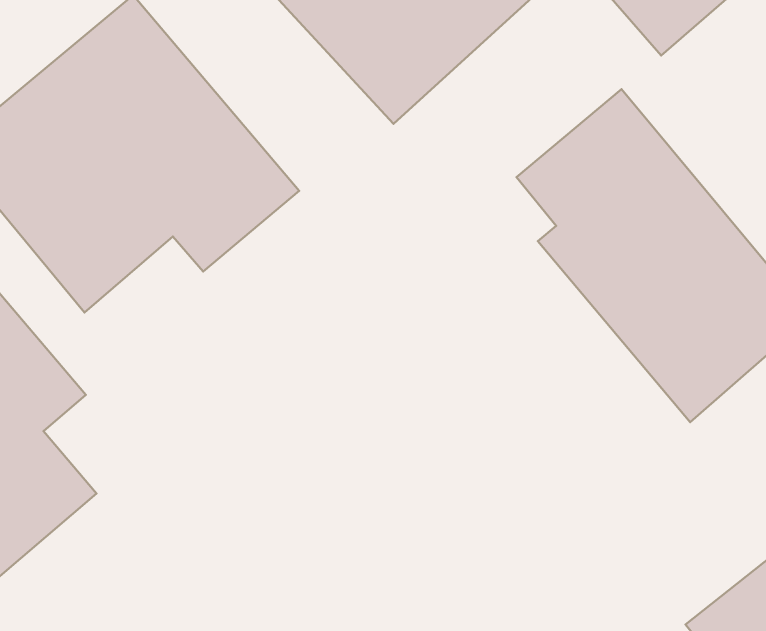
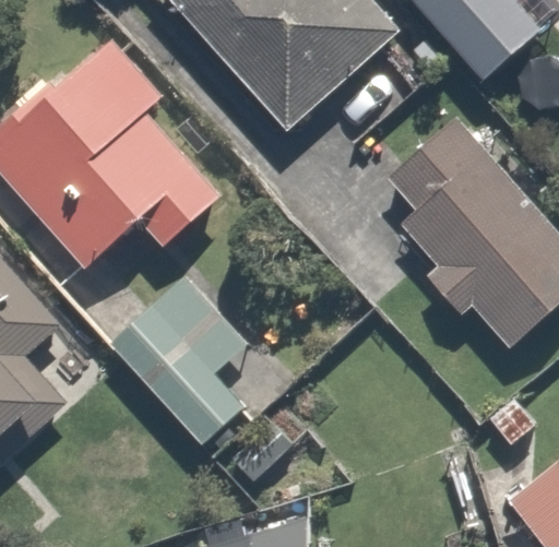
building: none -> [108,277,282,455]

